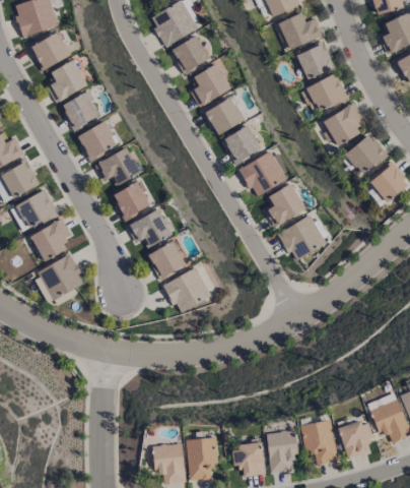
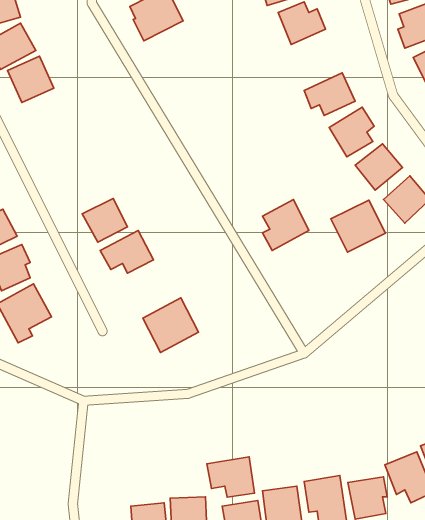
building: [170,36,210,73] -> none
building: [296,43,334,78] -> none
building: [189,63,230,106] -> none
building: [61,90,100,129] -> none
building: [204,96,245,135] -> none
building: [77,121,117,159] -> none
building: [221,124,262,164] -> none
building: [94,146,140,185] -> none
building: [240,148,289,196] -> none
building: [279,215,326,259] -> [331,200,386,252]
building: [148,240,187,278] -> none
building: none -> [207,457,255,497]

